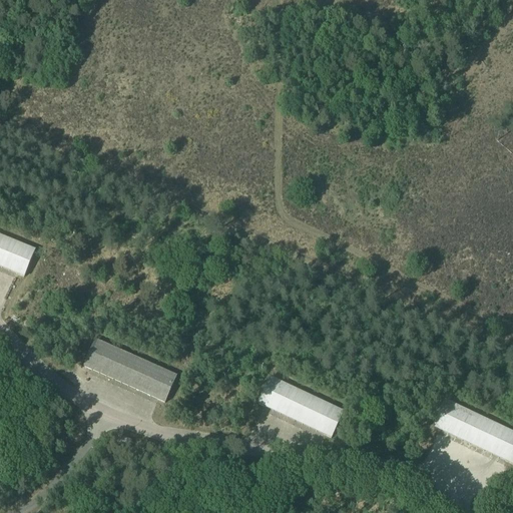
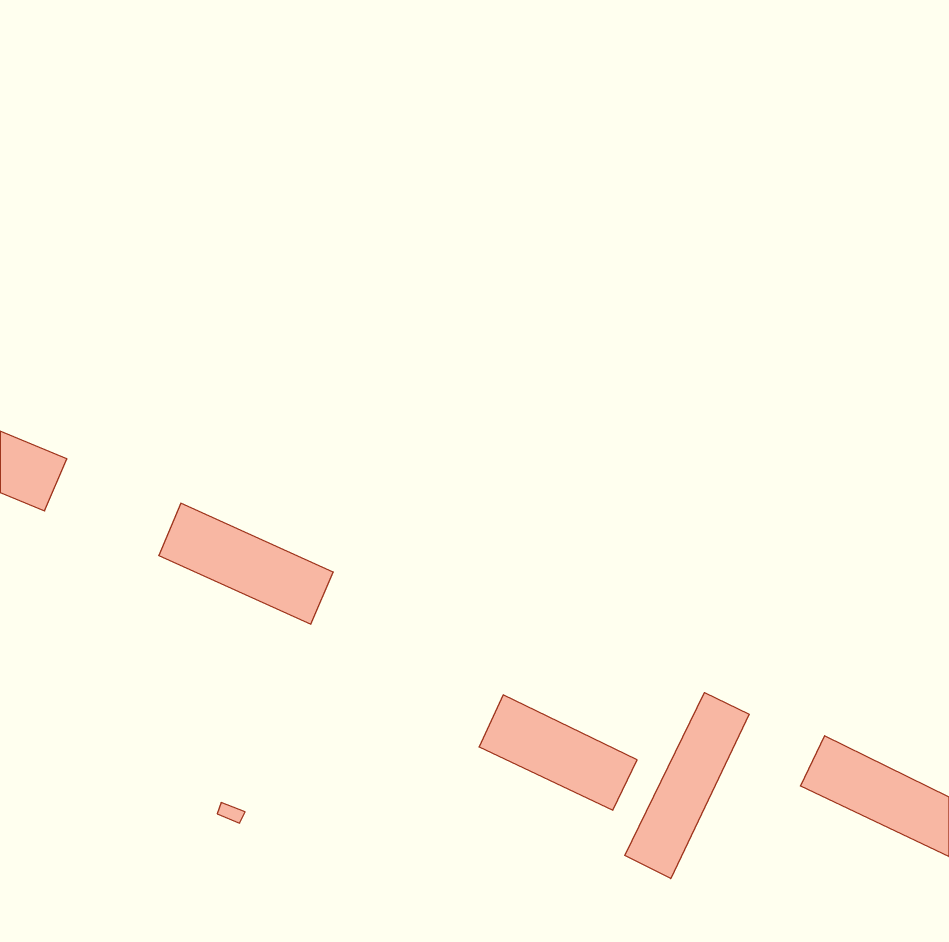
building: [83,337,177,402] -> [159,503,333,624]
building: none -> [625,693,749,879]

